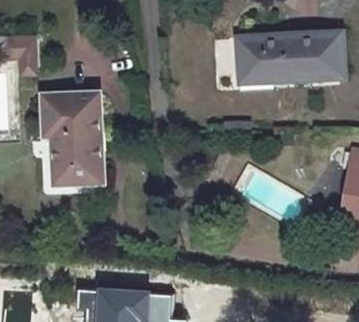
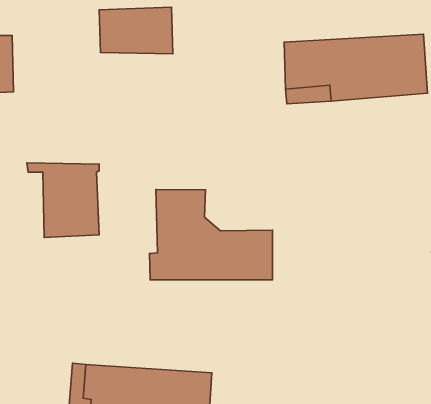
building: [45,97,100,132] -> [99,7,173,54]
building: none -> [150,189,273,280]

